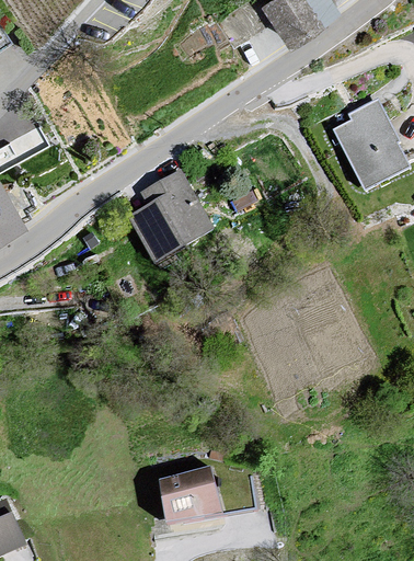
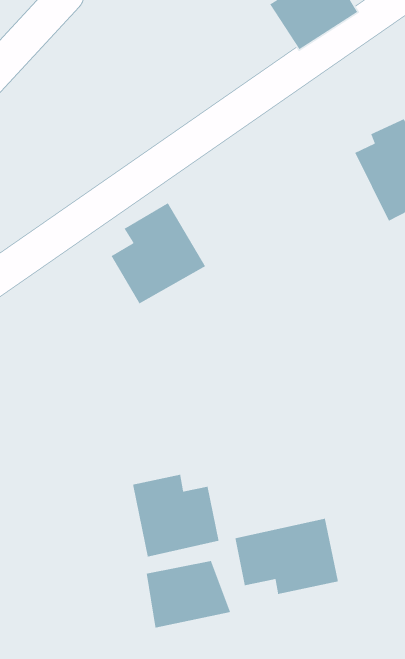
building: none -> [132,474,220,557]
building: none -> [234,518,339,595]

